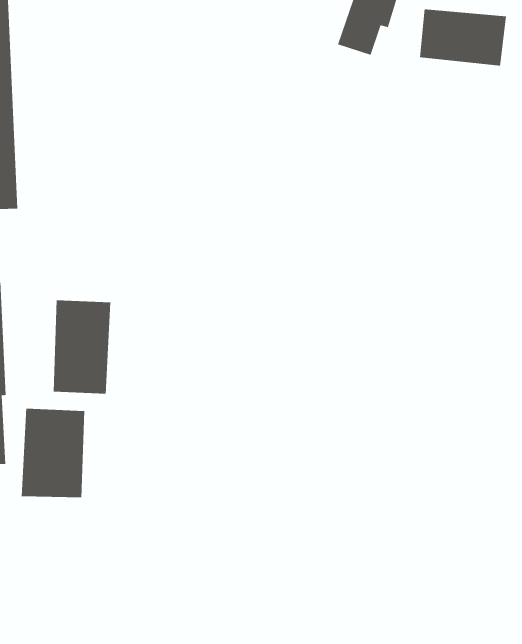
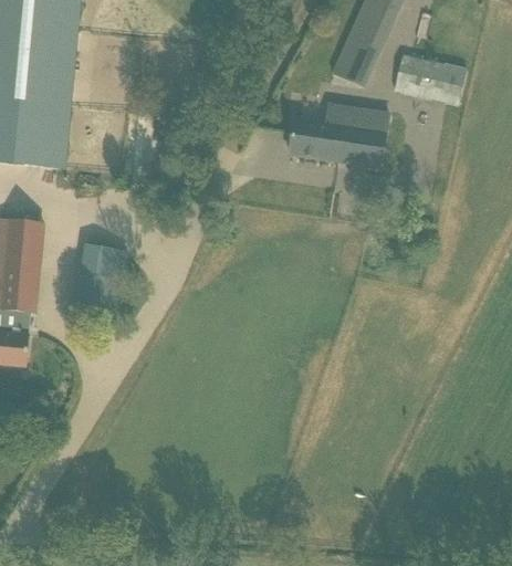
building: none -> [290,103,388,168]
building: [21,408,85,498] -> none

